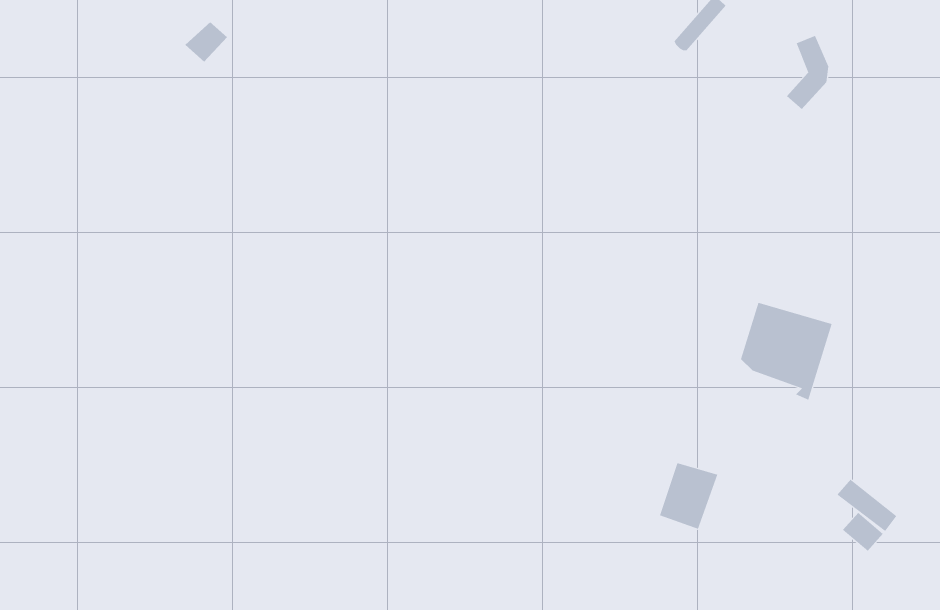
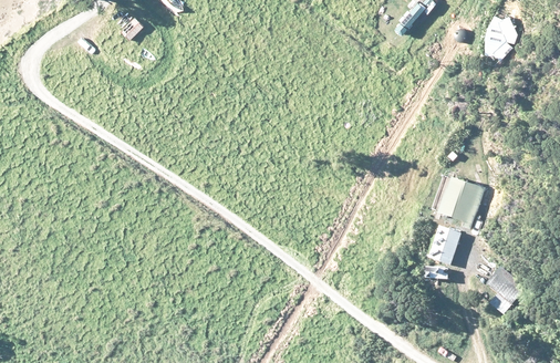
building: [786,35,829,110] -> [491,17,516,59]
building: [659,463,718,529] -> [428,227,462,265]

